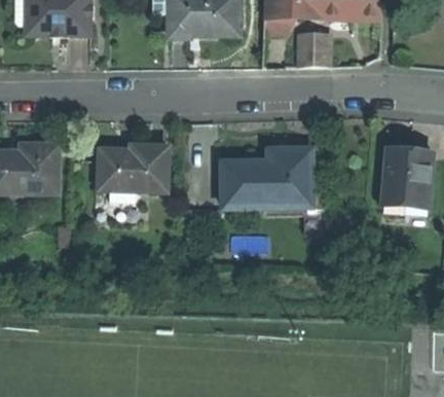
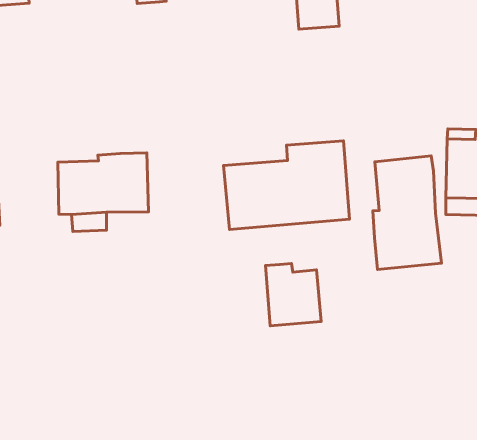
building: none -> [373,156,441,270]
building: none -> [266,263,321,326]

